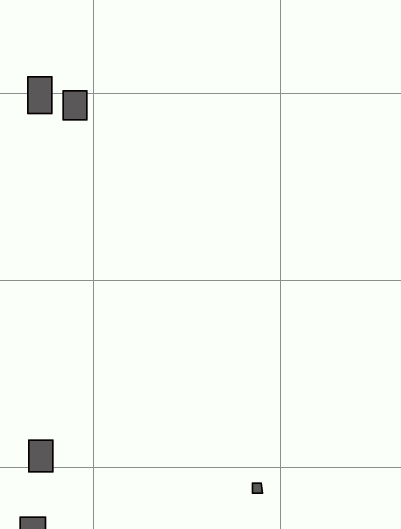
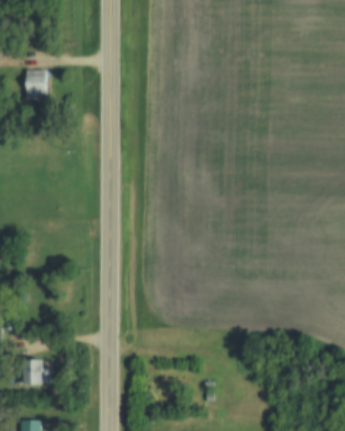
building: [63,91,87,120] -> none

